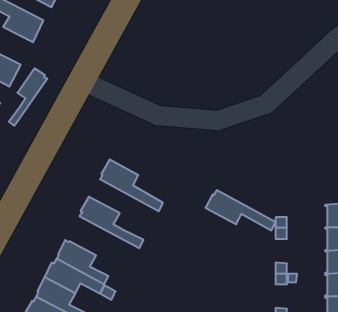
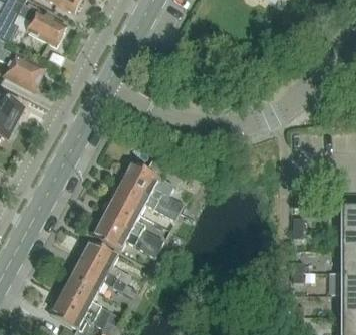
building: [9,68,47,126] -> none
building: [205,190,276,230] -> [111,180,180,219]
building: none -> [91,216,160,256]

